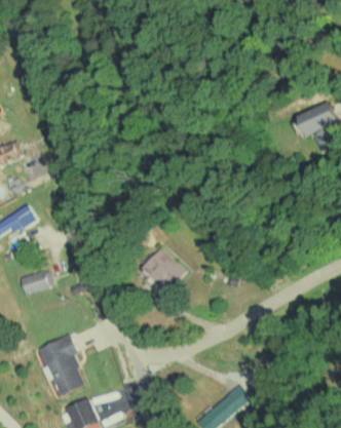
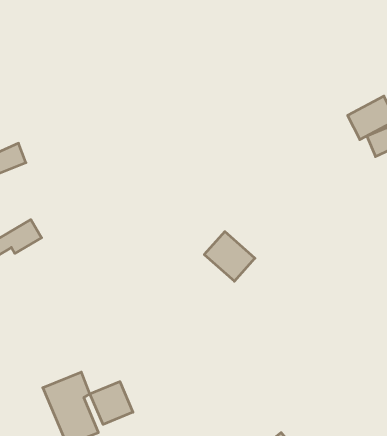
building: [143,248,186,290] -> [204,232,255,281]
building: [18,270,53,296] -> none
building: none -> [90,382,133,424]

